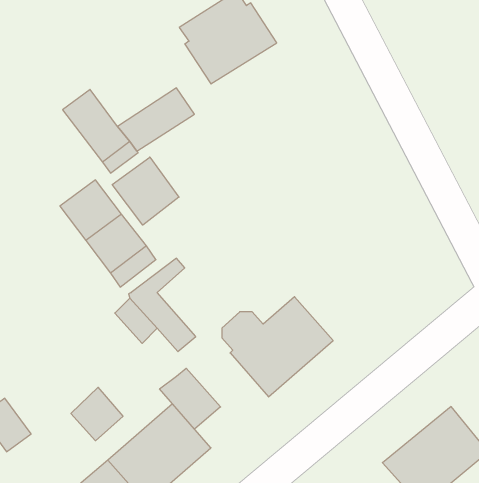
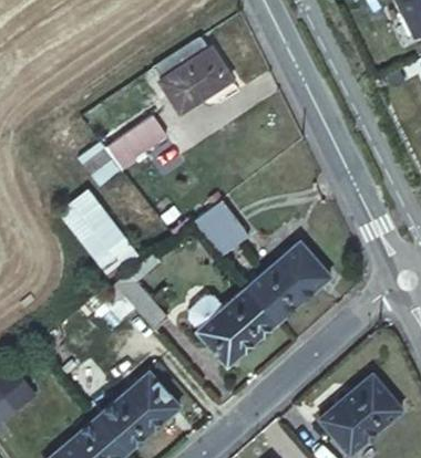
building: [112,157,179,225] -> none
building: none -> [194,204,248,258]
building: none -> [248,241,331,321]
building: [160,368,221,429] -> none

